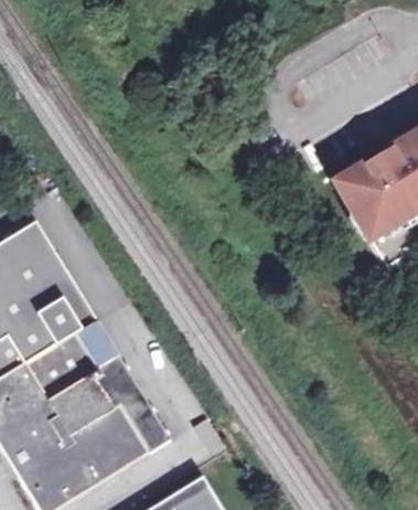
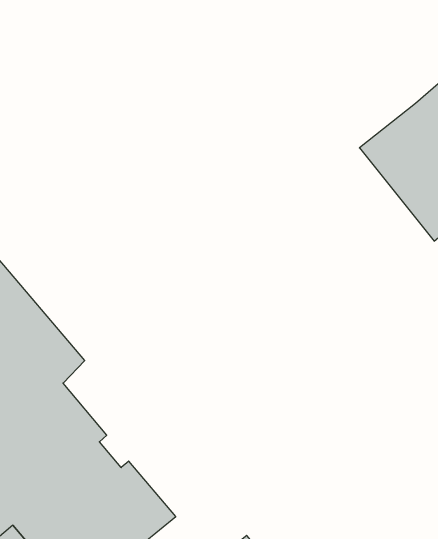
building: [75,318,170,453] -> none

